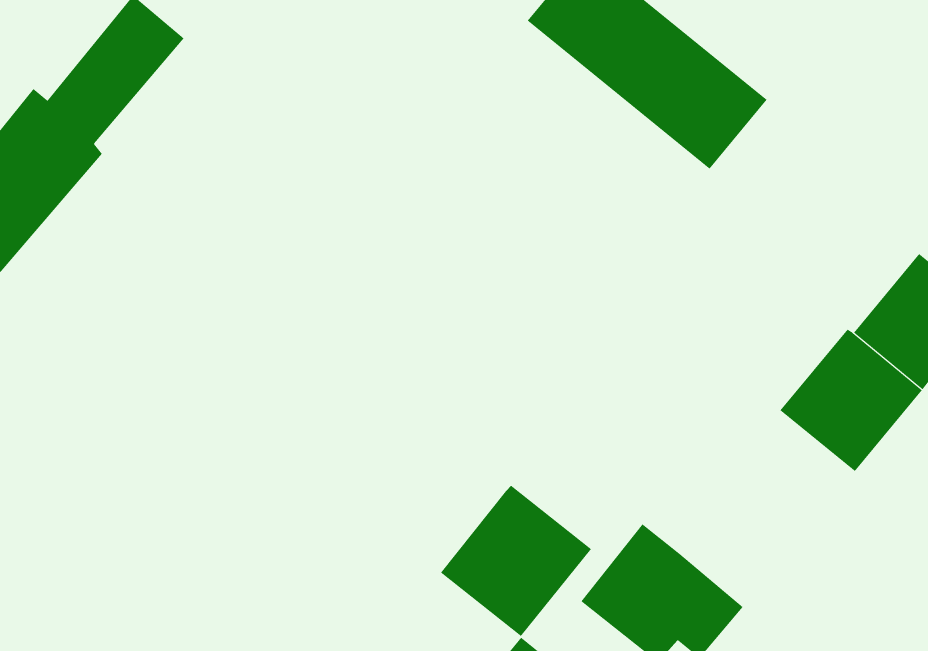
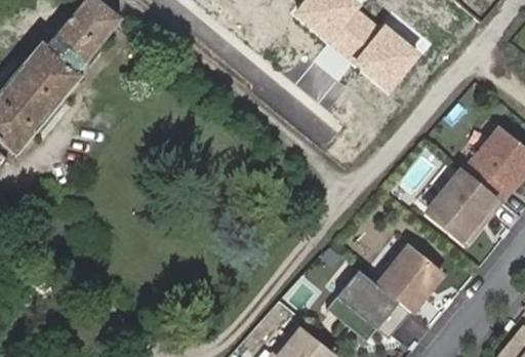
building: none -> [374,248,439,314]
building: [440,485,592,637] -> none

